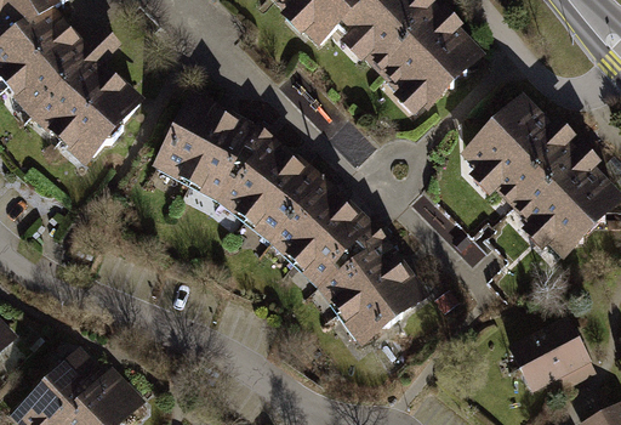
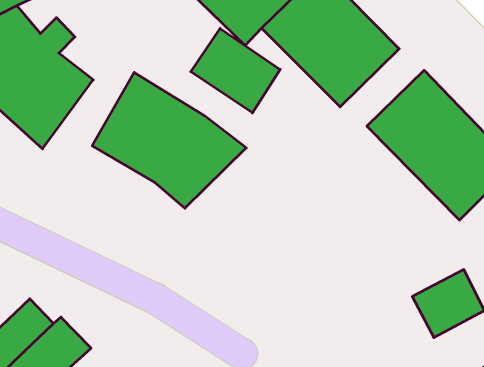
building: none -> [191,28,280,113]
building: [251,174,432,348] -> none

